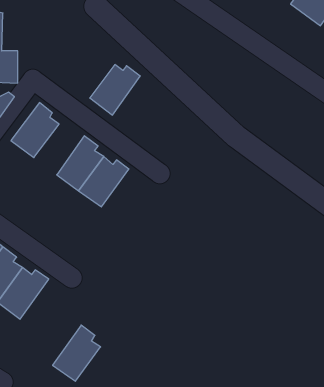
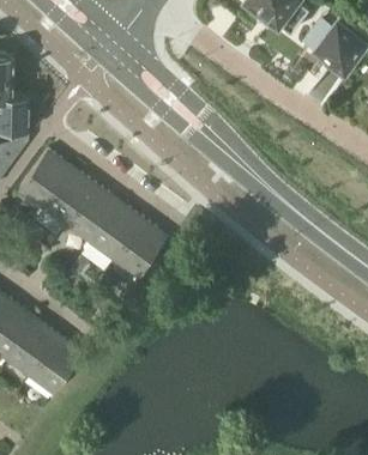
building: [90,65,140,115] -> [44,175,97,228]
building: none -> [115,222,164,279]
building: [53,325,101,381] -> [30,336,80,395]

